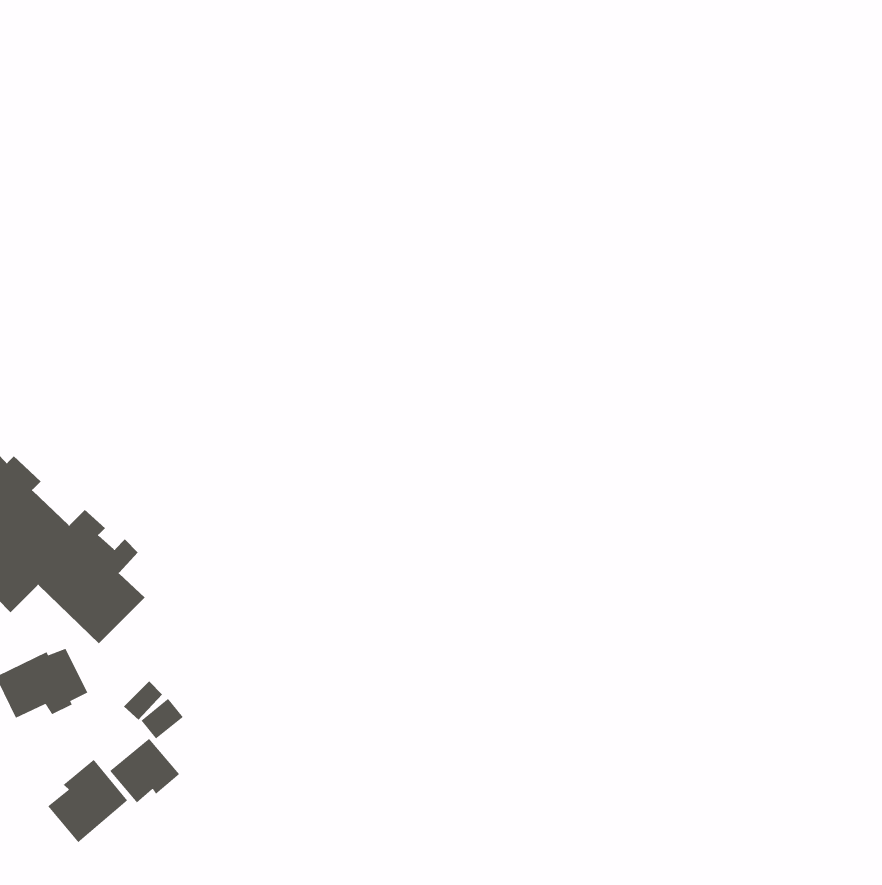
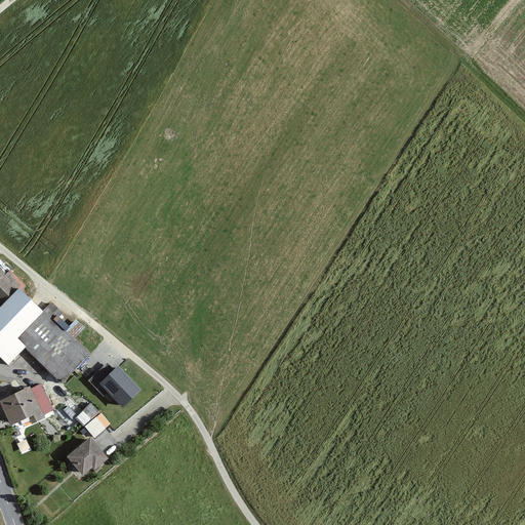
building: none -> [87,363,139,408]
building: [47,759,128,843] -> none

